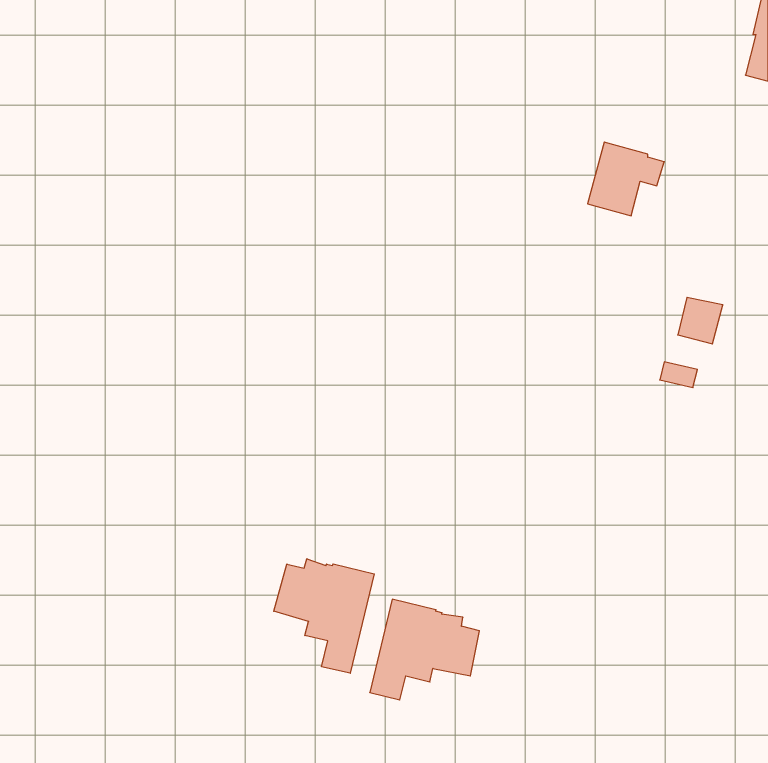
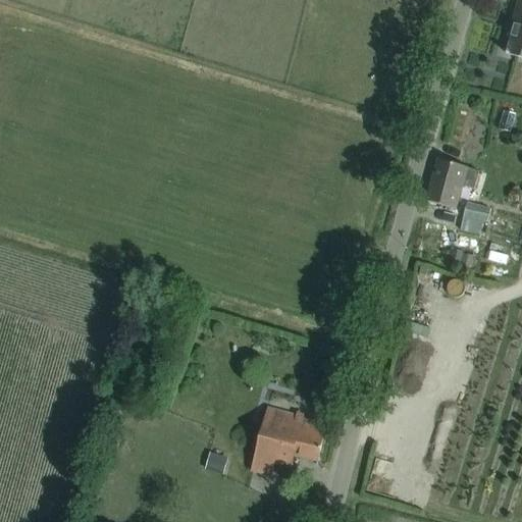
building: [588,142,664,216] -> [426,157,478,207]
building: [274,559,374,673] -> none

